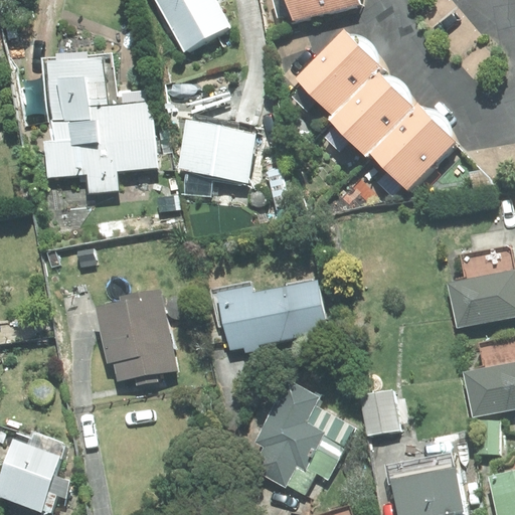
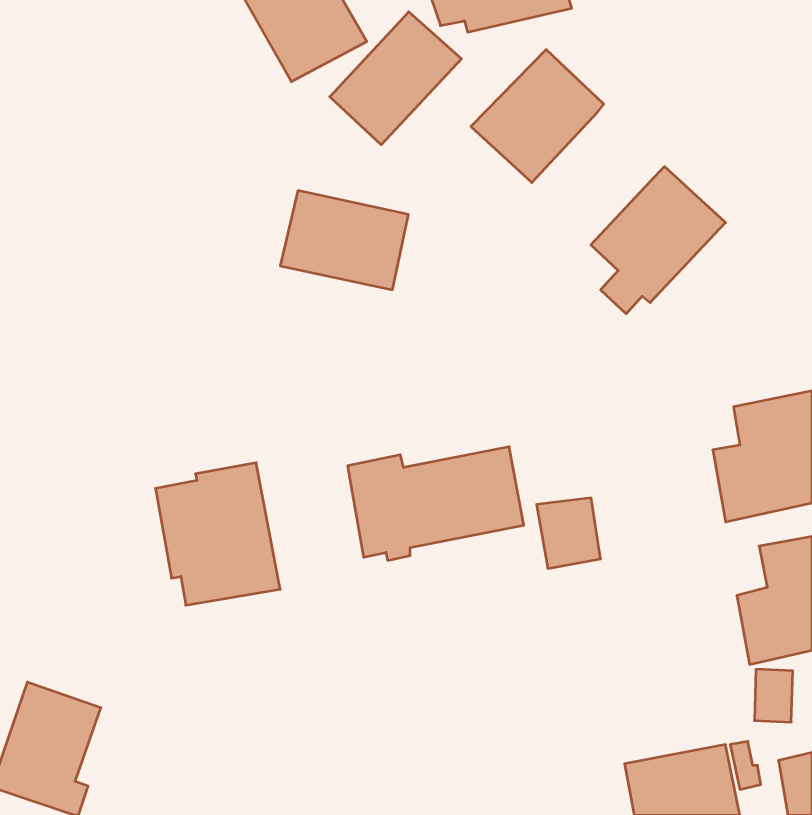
building: none -> [330,12,461,145]
building: [42,54,155,197] -> none
building: [329,70,414,157] -> none
building: [251,380,342,501] -> none
building: [359,391,399,436] -> [537,498,601,568]

